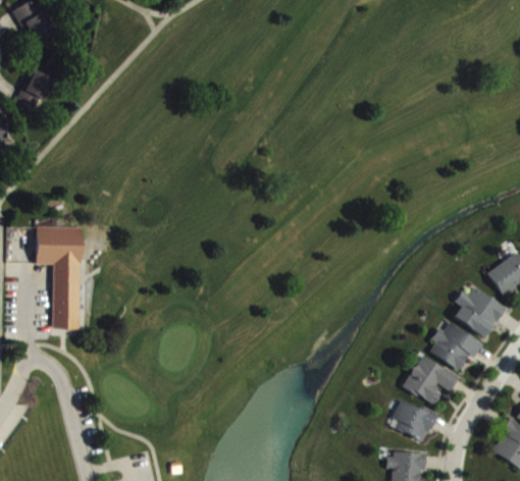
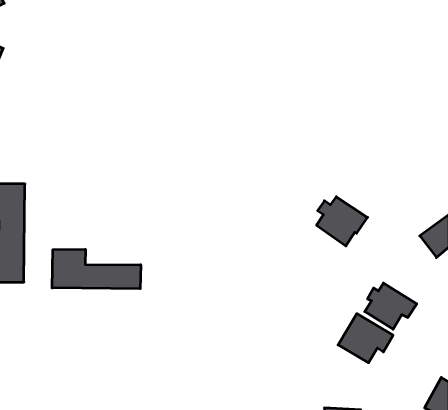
building: [455,286,508,337] -> [317,197,368,246]
building: none -> [52,249,141,289]
building: [396,399,438,440] -> none

